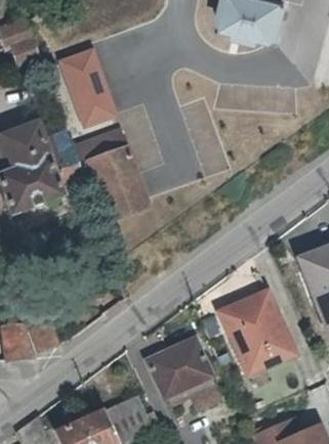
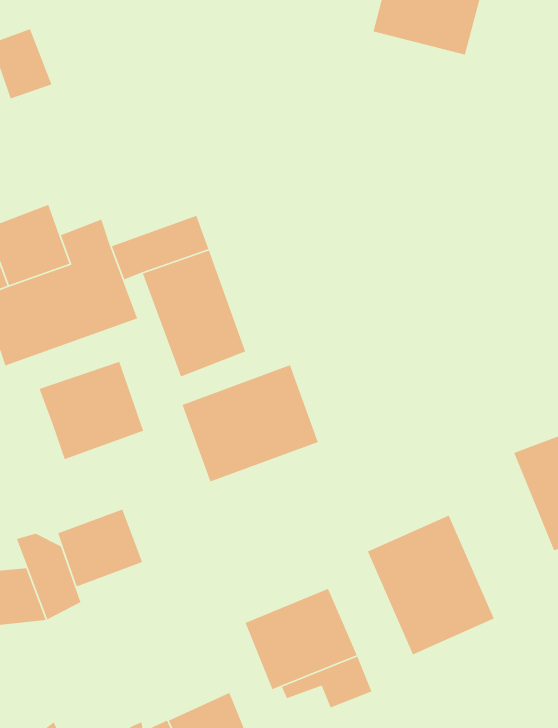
building: [58,45,120,125] -> none
building: none -> [39,361,144,460]
building: none -> [182,364,319,483]
building: none -> [57,509,143,587]

